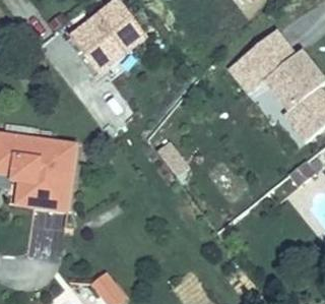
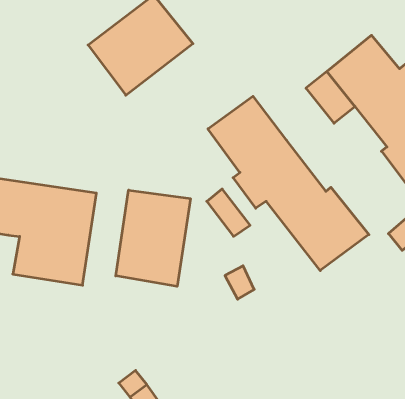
building: none -> [208,96,369,271]
building: none -> [116,190,190,286]

